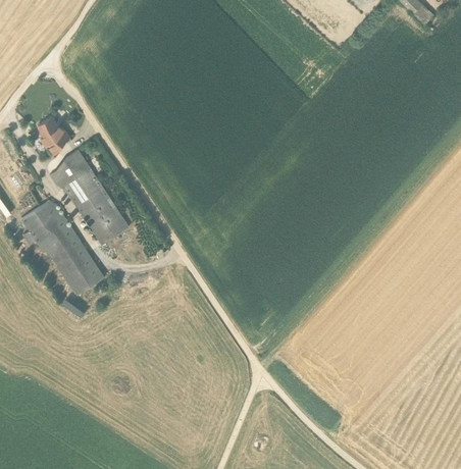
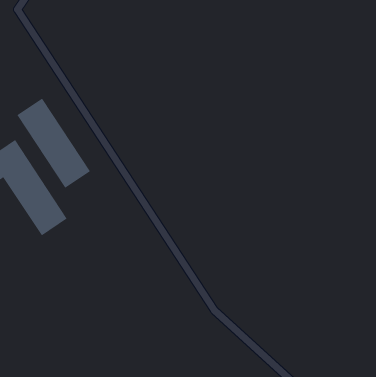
building: [40,113,70,149] -> none

